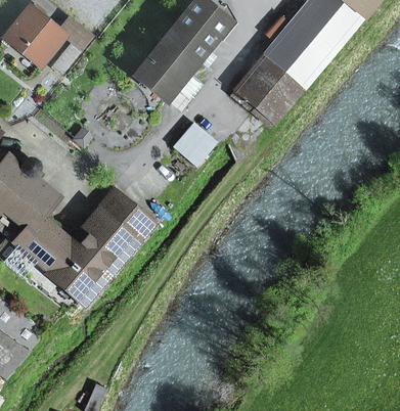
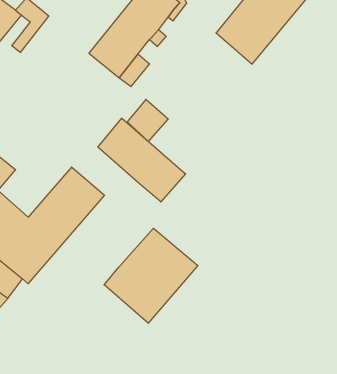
building: [236,52,304,125] -> none
building: none -> [98,118,186,202]
building: none -> [104,228,198,323]

